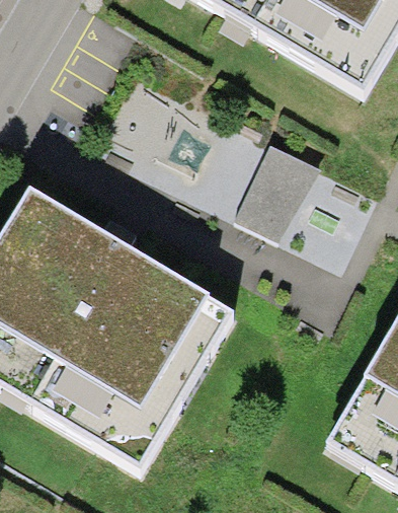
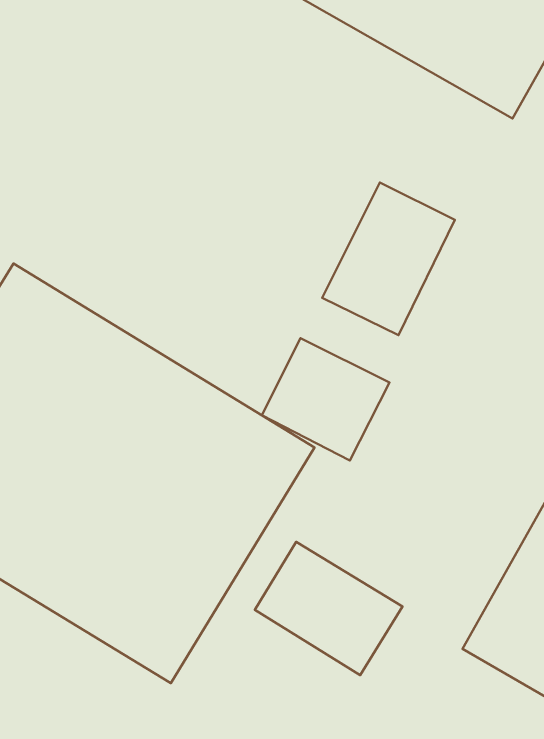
building: none -> [262,338,389,461]
building: none -> [255,542,403,675]

